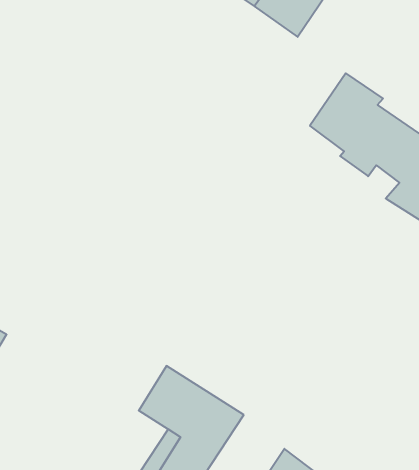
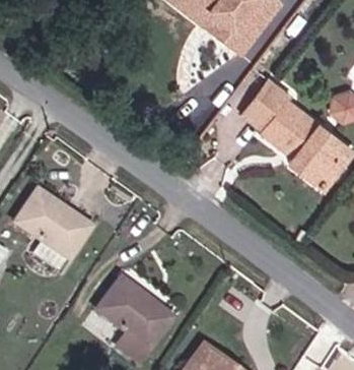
building: none -> [22,182,98,264]

